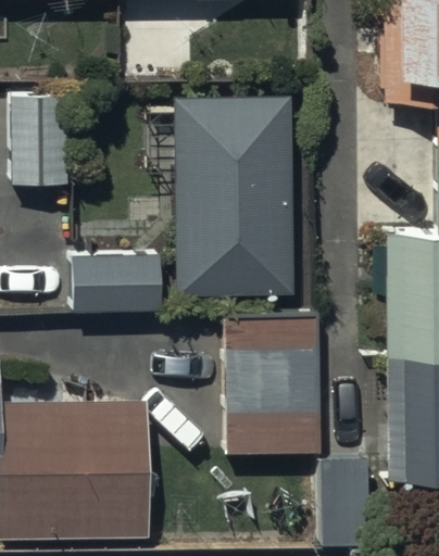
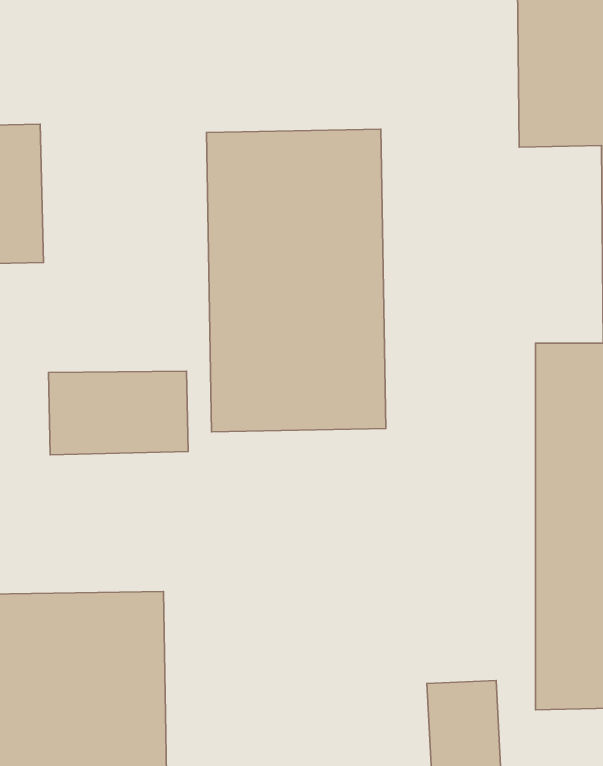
building: [223,317,319,455] -> none

